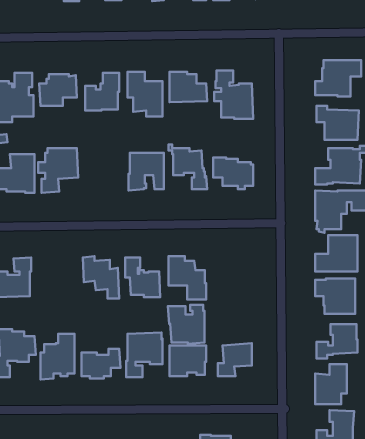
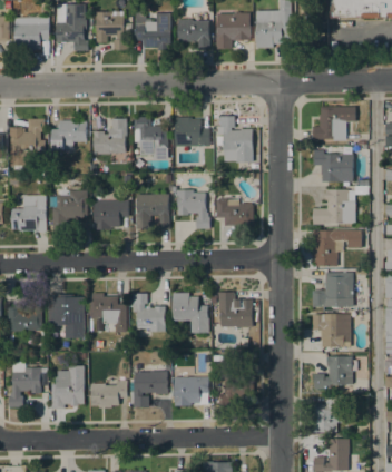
building: none -> [94,200,128,229]
building: none -> [49,295,84,337]
building: [168,305,204,344] -> [217,291,252,327]

